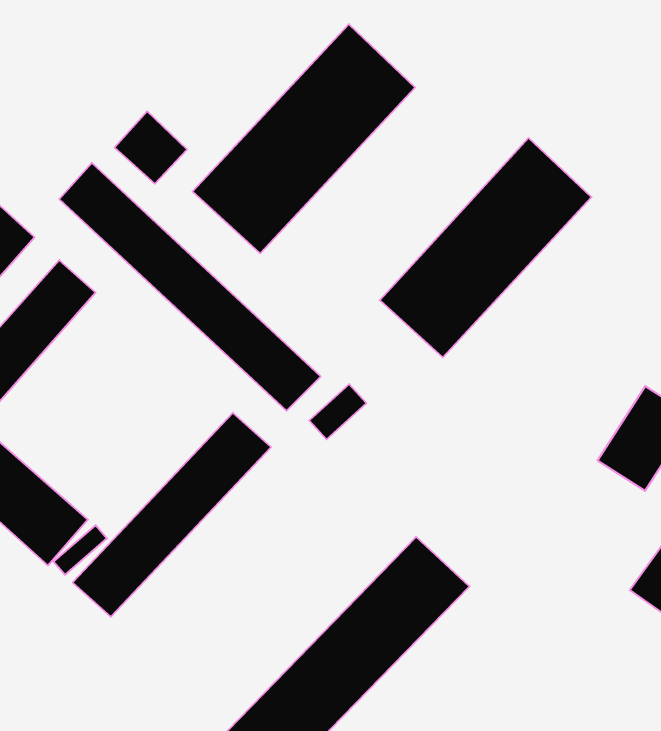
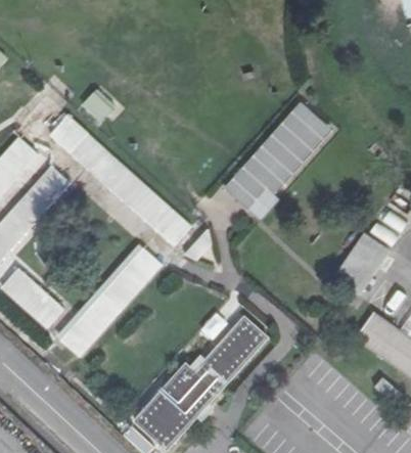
building: [193,24,415,253] -> none

